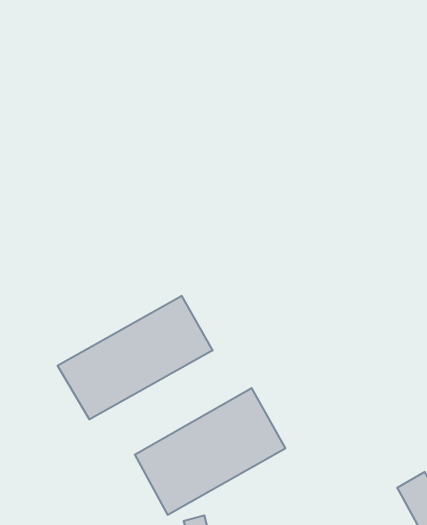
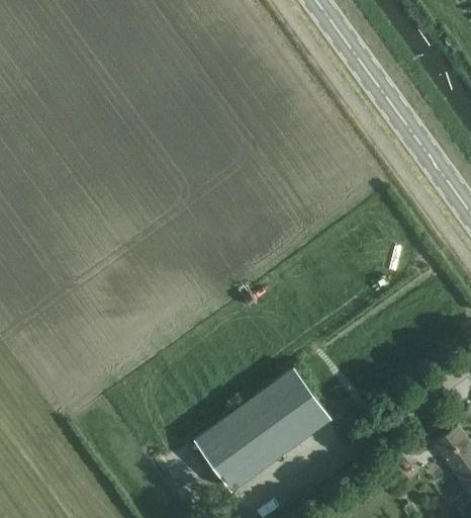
building: [58,296,213,419] -> none

